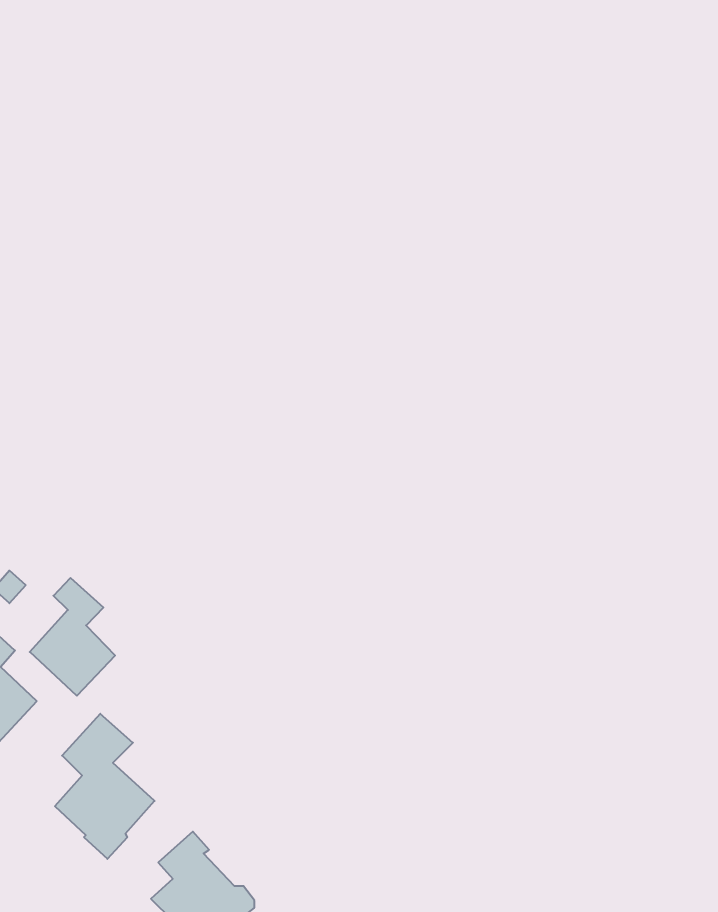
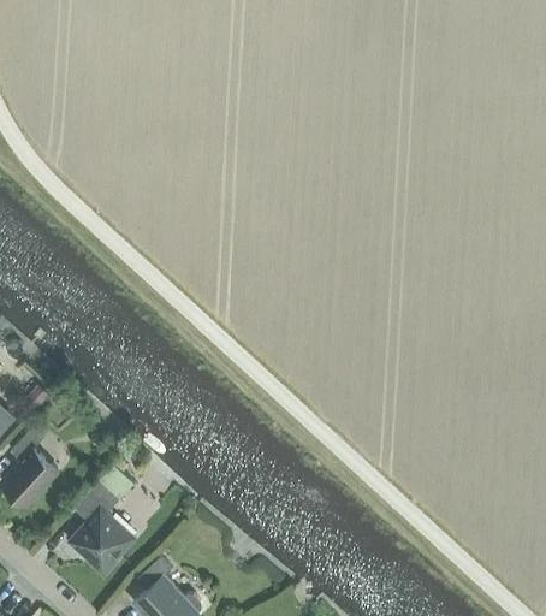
building: [30,578,115,696] -> none

